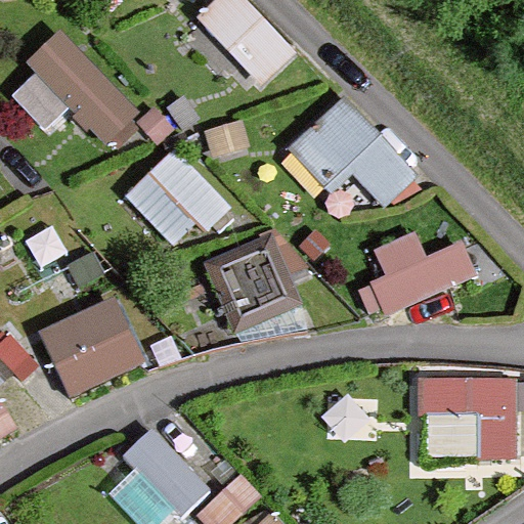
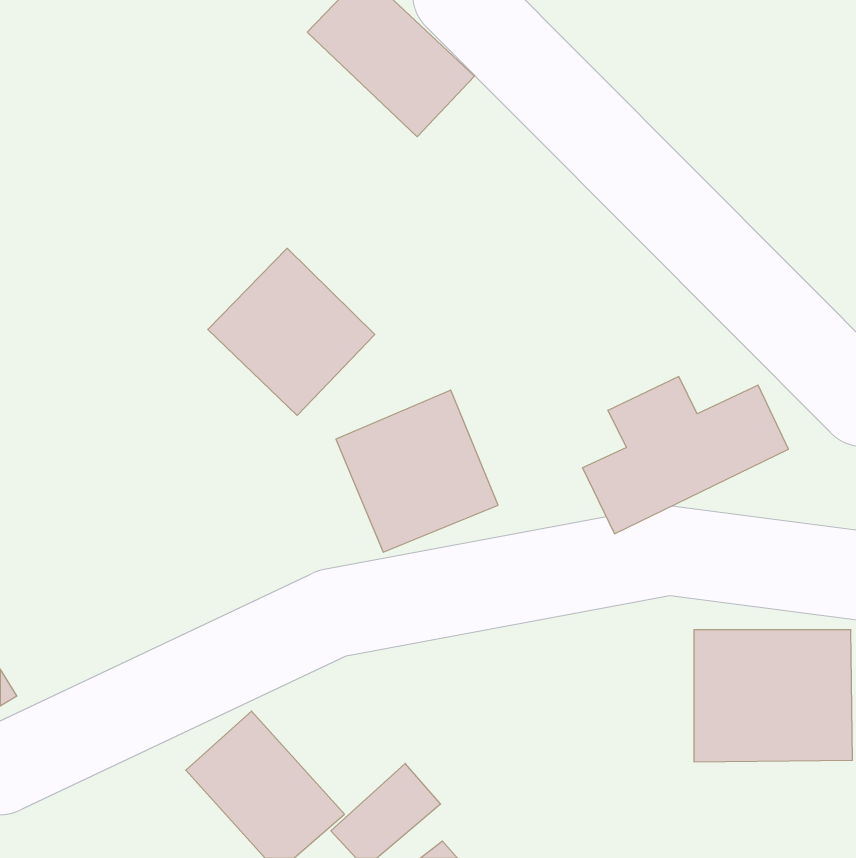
building: [20,30,133,142] -> none
building: [291,99,413,221] -> none
building: [36,295,140,395] -> none

